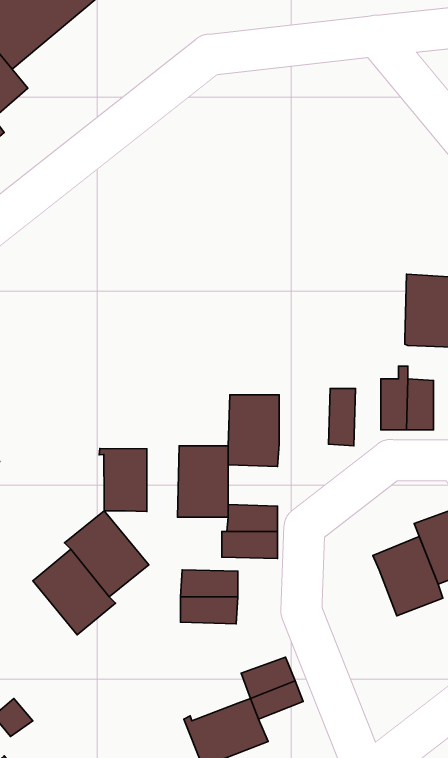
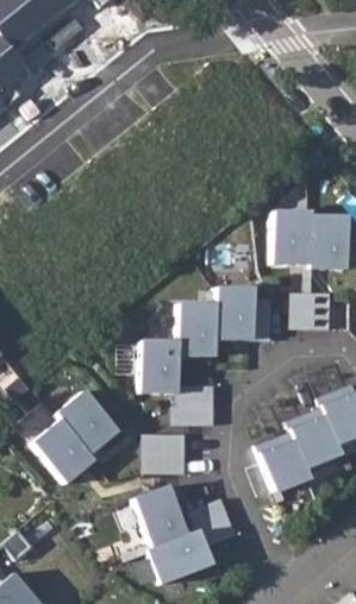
building: none -> [273,208,312,262]
building: none -> [217,288,255,340]
building: [99,448,147,512] -> none
building: none -> [256,434,308,492]
building: none -> [133,486,186,547]

